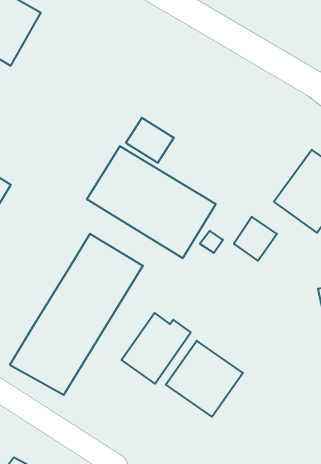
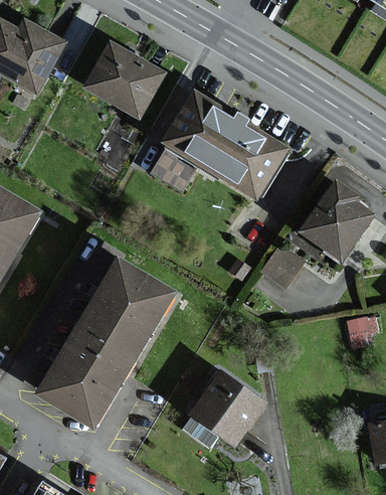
building: none -> [86,40,165,115]
building: [87,146,216,258] -> [164,87,294,199]
building: [122,313,191,384] -> none

